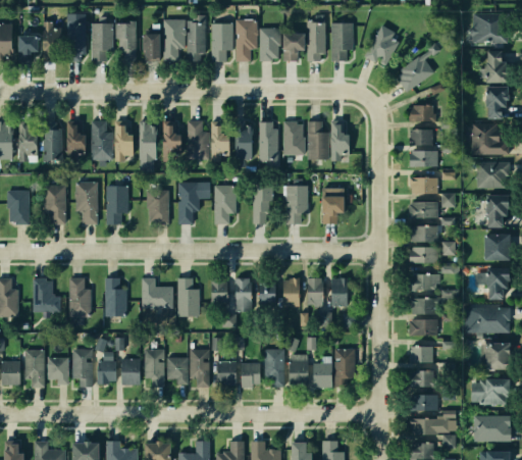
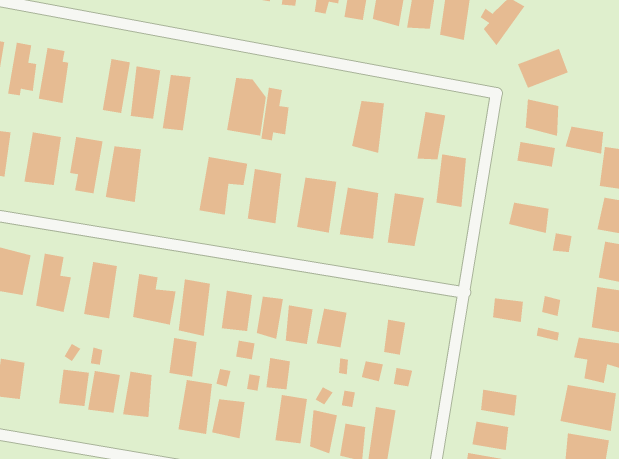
building: [234,120,253,159] -> none
building: [68,121,88,160] -> none
building: [255,121,277,162] -> none
building: [307,121,329,159] -> [436,153,467,208]
building: [160,123,181,151] -> none
building: [408,152,436,169] -> [565,126,604,155]
building: [144,183,169,222] -> none
building: [409,202,439,219] -> none
building: [408,226,437,243] -> none
building: [408,273,438,294] -> none
building: [307,274,328,307] -> none
building: [409,301,438,316] -> none
building: [74,349,92,389] -> none
building: [168,356,188,384] -> [169,337,198,378]
building: [241,363,258,387] -> [266,357,291,390]

